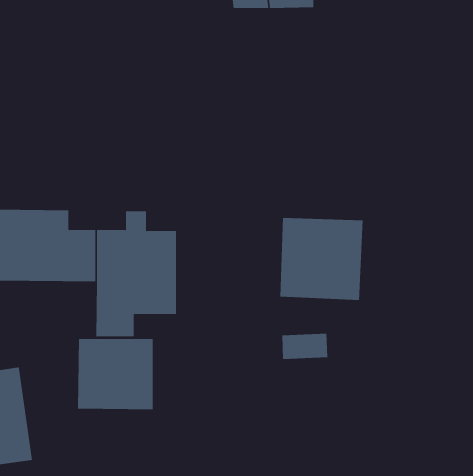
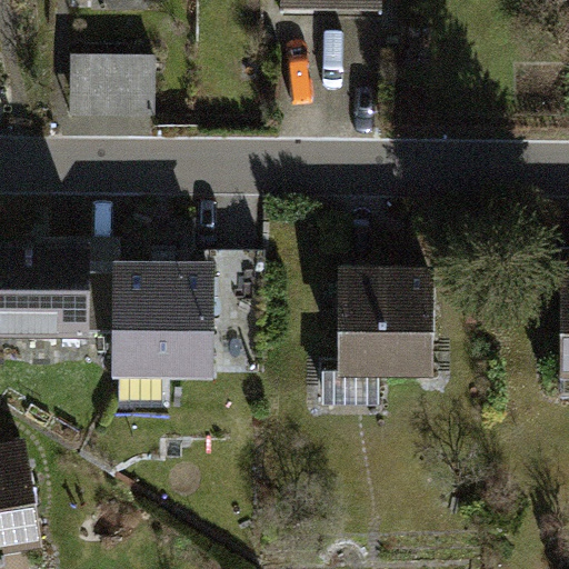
building: none -> [71,56,159,122]
building: [78,338,153,410] -> none

